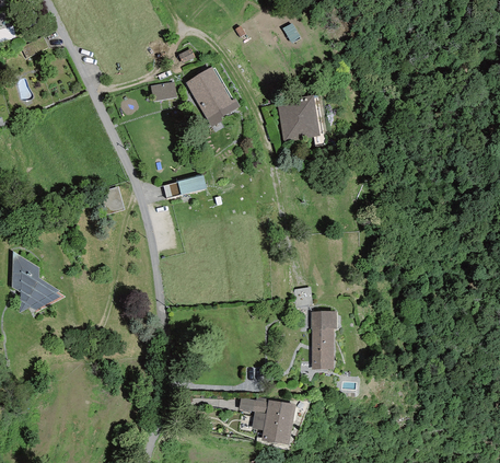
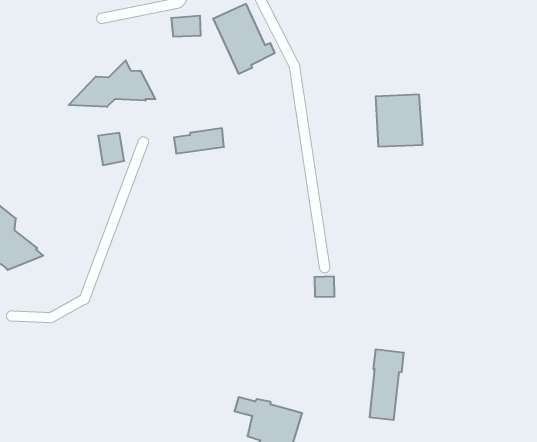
building: [277,95,321,142] -> [376,95,423,146]
building: none -> [69,60,155,107]
building: [311,312,335,369] -> [369,350,404,420]

